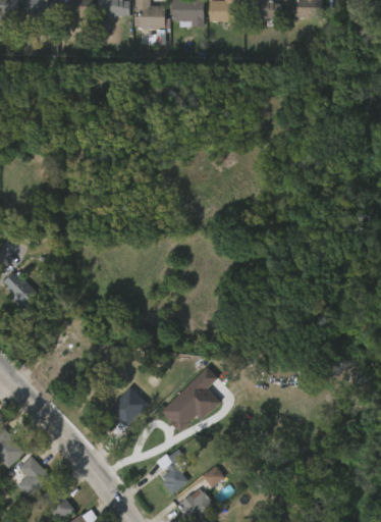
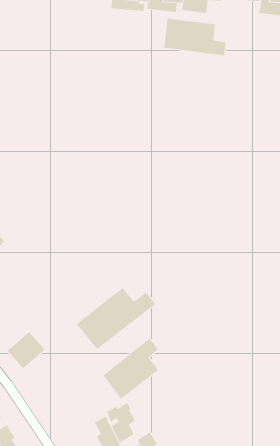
building: none -> [164,18,226,56]
building: none -> [76,287,156,350]
building: [106,388,146,428] -> [7,331,45,369]

